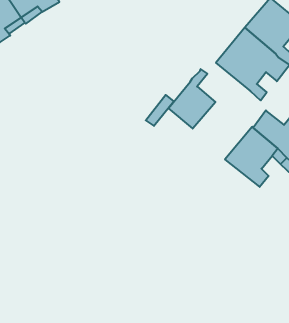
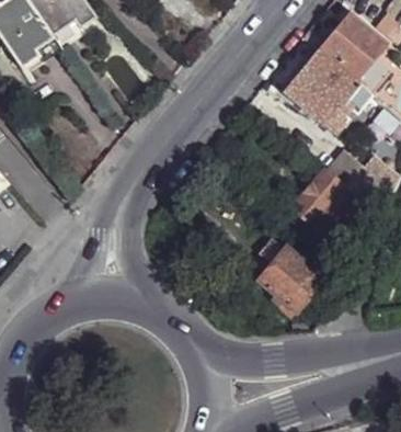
building: [168,69,215,129] -> none
building: none -> [257,247,322,310]

